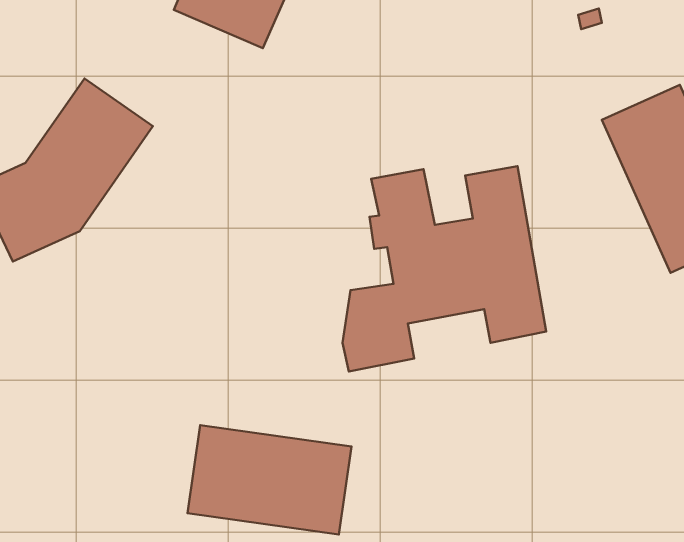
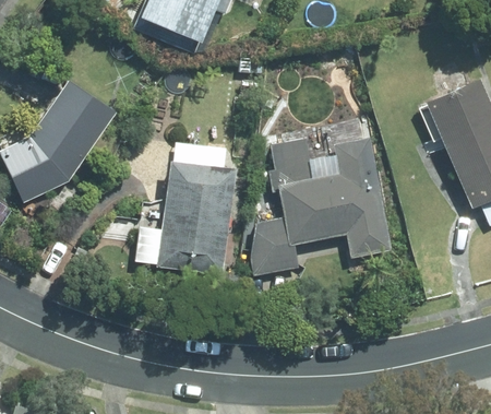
building: none -> [157,157,238,274]
building: [188,425,351,535] -> none

